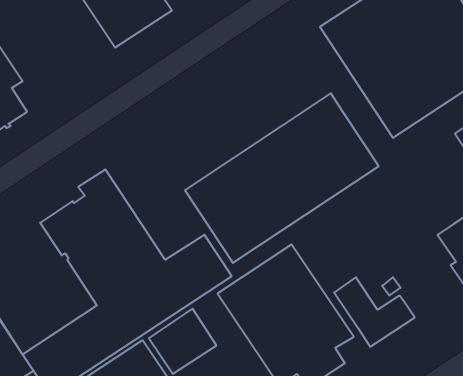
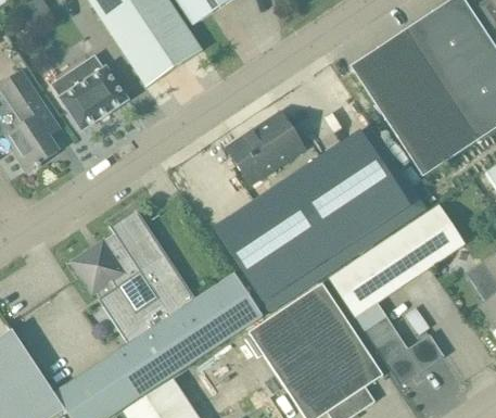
building: none -> [51,55,127,129]
building: none -> [226,111,304,183]
building: none -> [329,205,465,315]

